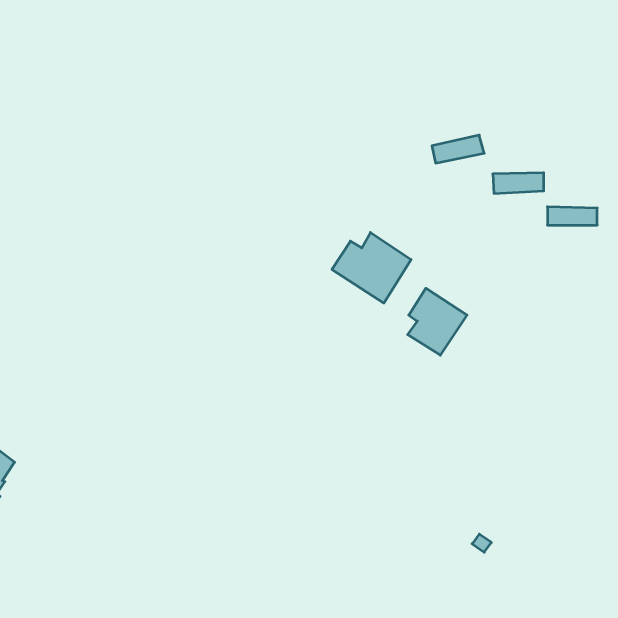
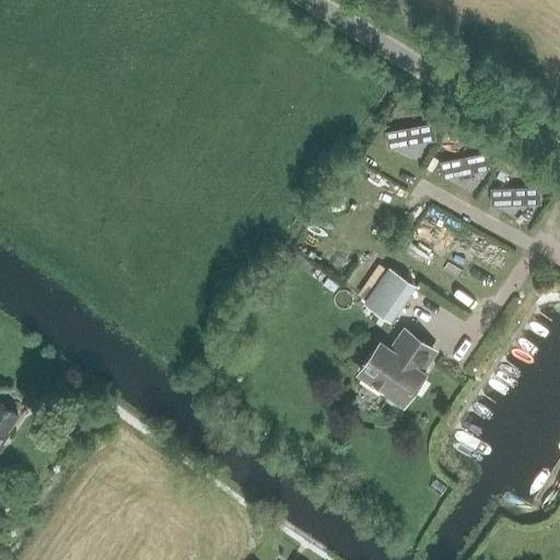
building: [332,232,411,303] -> none
building: none -> [357,339,430,407]

